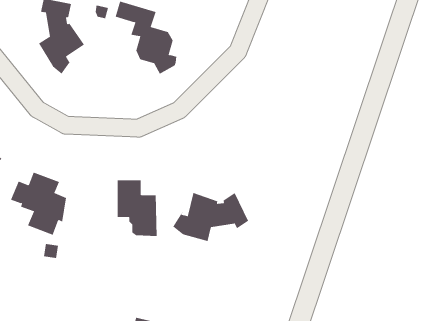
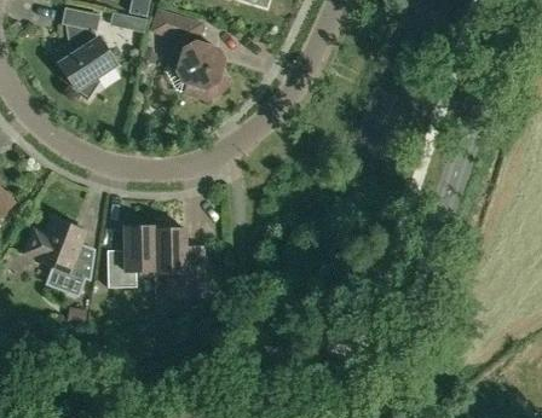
building: none -> [106,225,154,286]
building: [172,192,249,242] -> none

